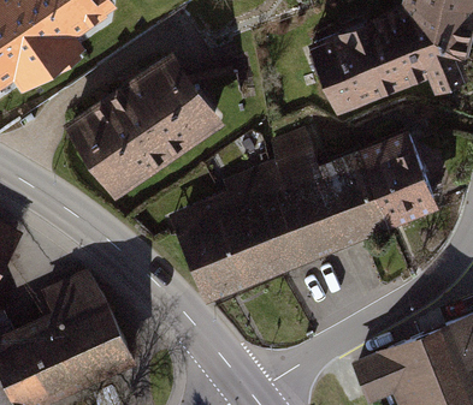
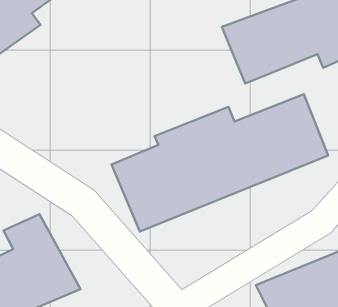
building: [72,50,218,187] -> none

